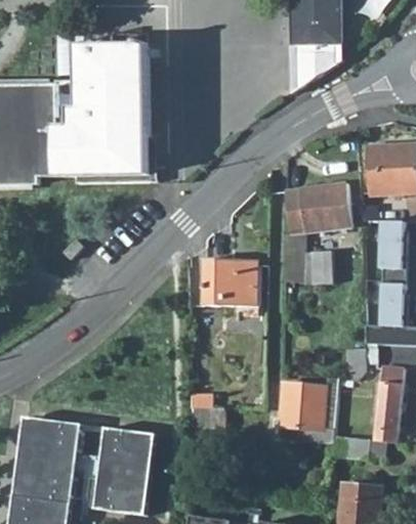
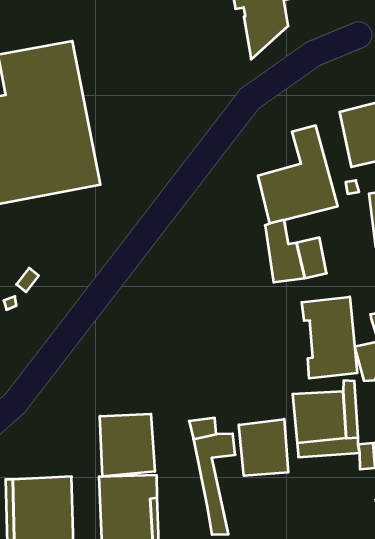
building: [205,259,260,306] -> none
building: none -> [302,297,357,378]
building: none -> [100,414,155,477]
building: none -> [239,419,288,476]

